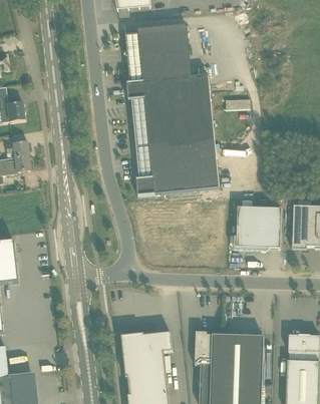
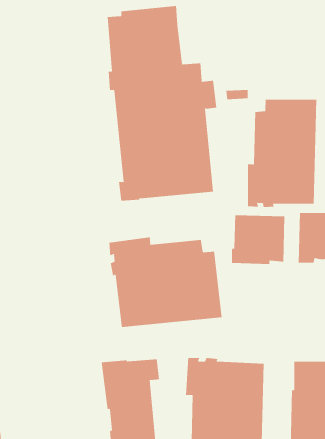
building: none -> [248,99,317,208]
building: none -> [109,236,222,328]

